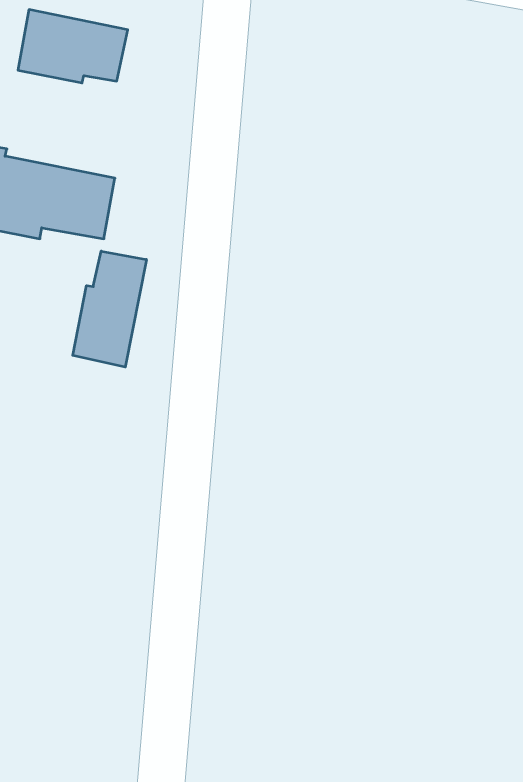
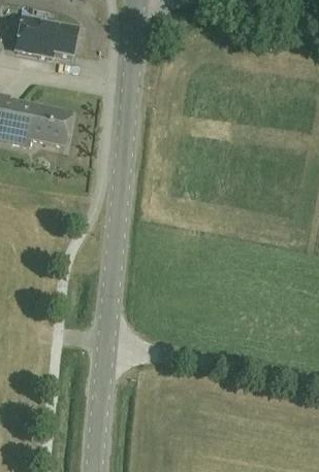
building: [73,251,146,367] -> none

